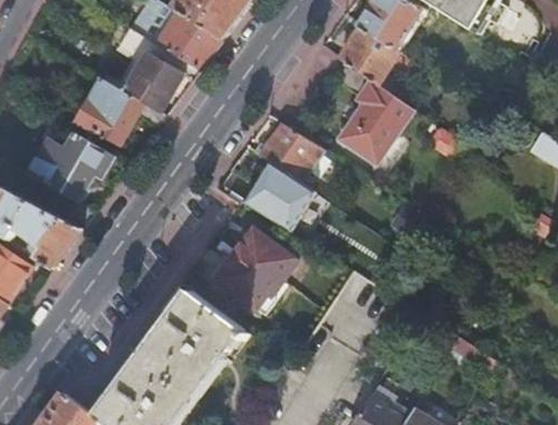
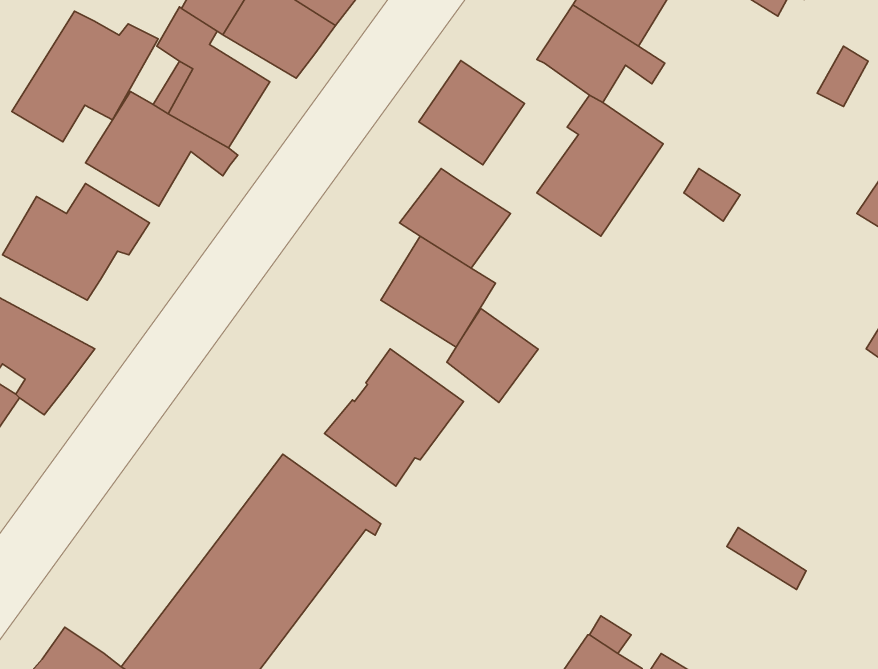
building: none -> [12,11,158,142]
building: none -> [419,61,525,165]
building: none -> [447,308,538,402]

